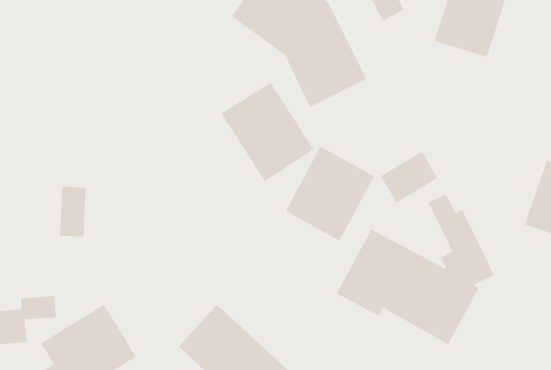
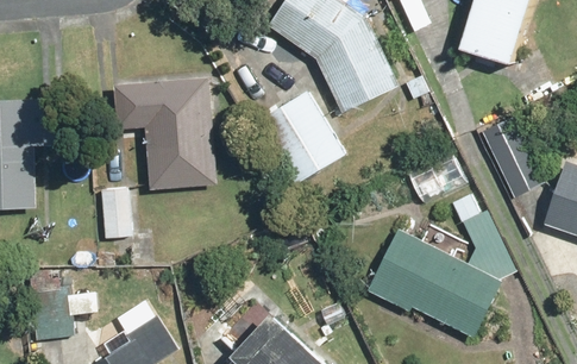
building: none -> [112,77,214,188]
building: none -> [479,117,545,201]
building: [285,146,375,242] -> none

